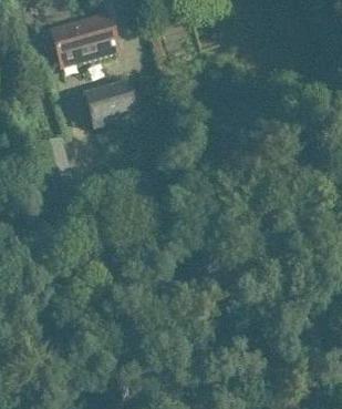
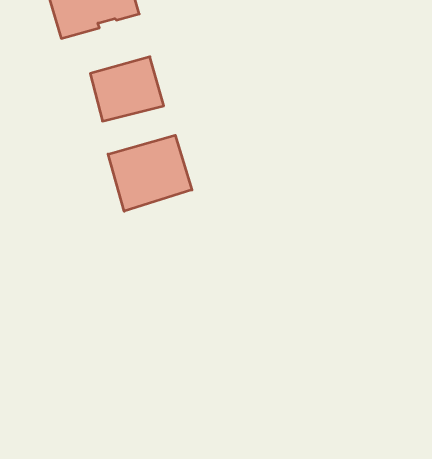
building: none -> [108,135,192,211]

